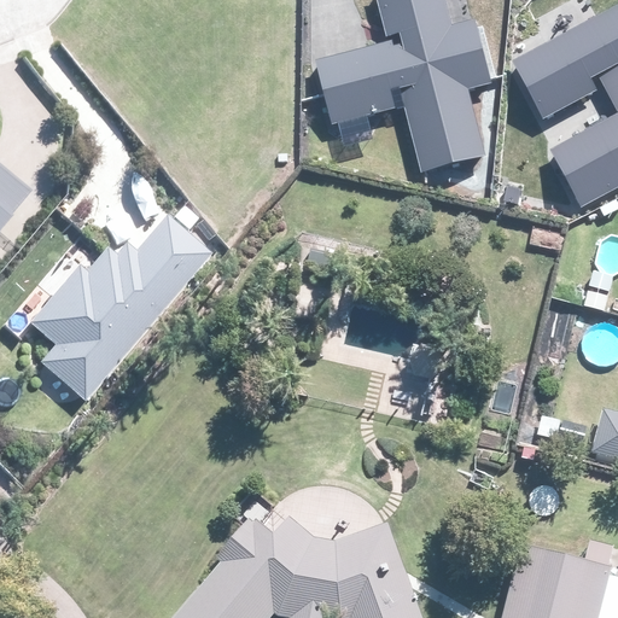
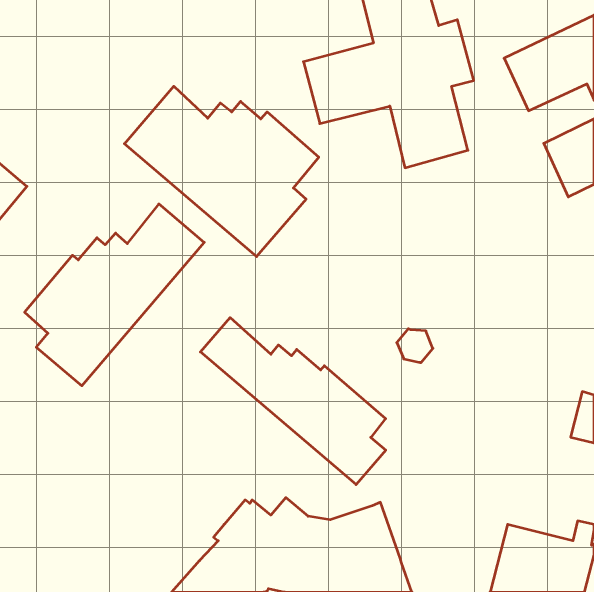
building: none -> [124,86,319,257]
building: none -> [200,318,386,485]

